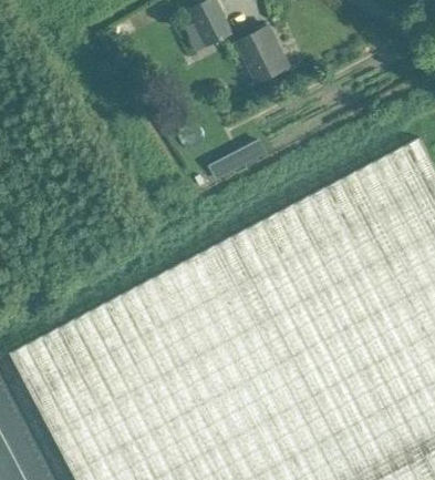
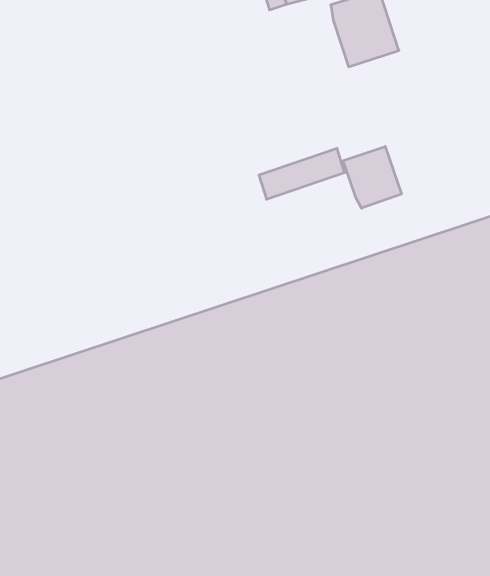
building: none -> [343,146,401,208]

